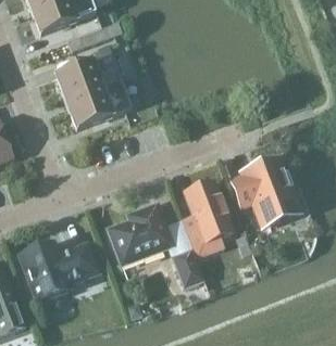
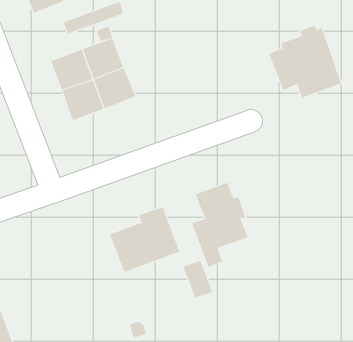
building: [232,155,297,220] -> [268,25,342,98]
building: [20,243,97,302] -> none

